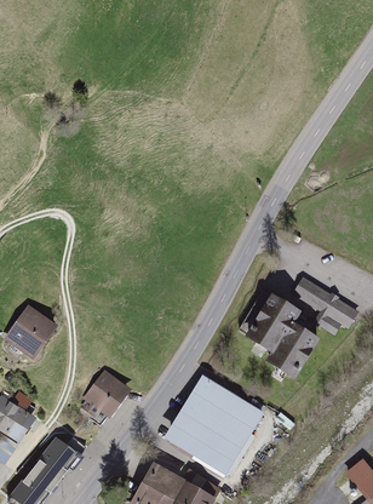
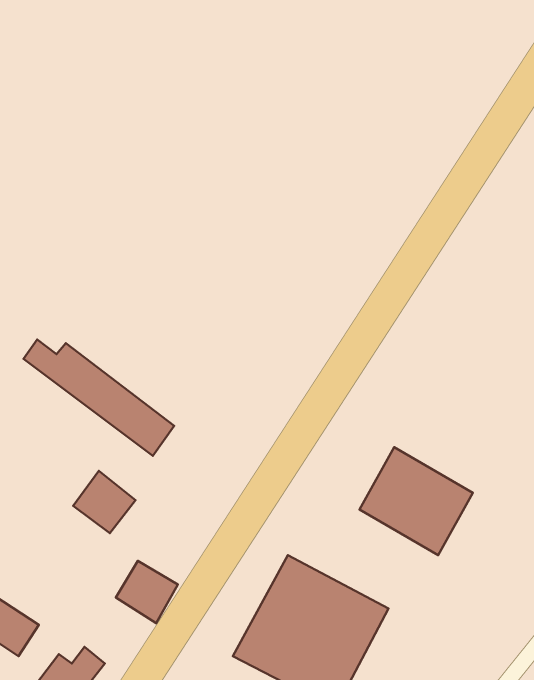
building: none -> [24,339,174,456]
building: [287,276,346,325] -> none
building: [16,310,57,351] -> [73,471,136,533]

